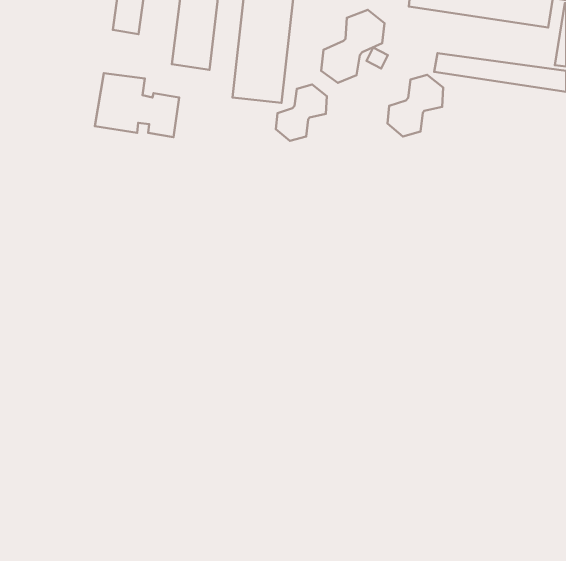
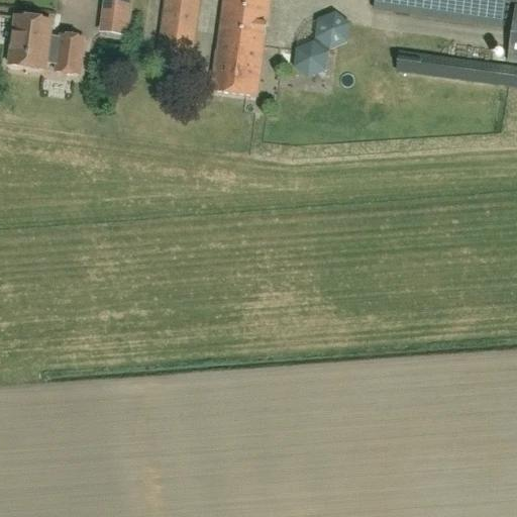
building: [95,73,179,137] -> [7,14,84,73]
building: [388,75,443,136] -> none
building: [276,85,327,141] -> none

